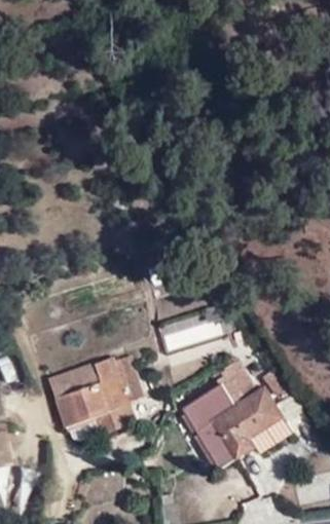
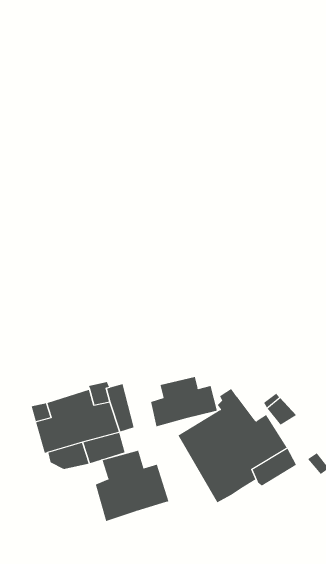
building: none -> [151,376,218,427]
building: none -> [95,450,169,522]

